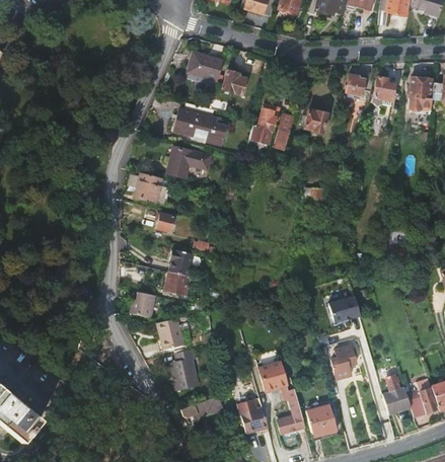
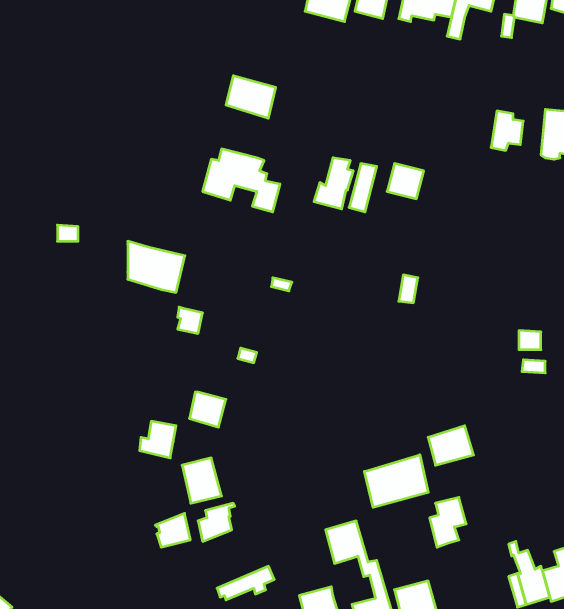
building: [222,70,247,96] -> none
building: [346,75,373,96] -> none
building: [166,148,210,178] -> none
building: [170,249,196,277] -> none
building: none -> [364,455,428,507]
building: [173,367,198,390] -> [155,513,190,547]

